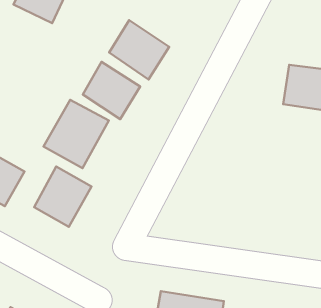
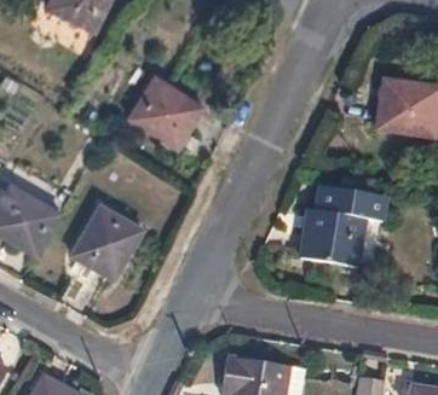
building: [109,20,169,79] -> none
building: [44,100,109,168] -> none
building: none -> [300,186,386,268]

